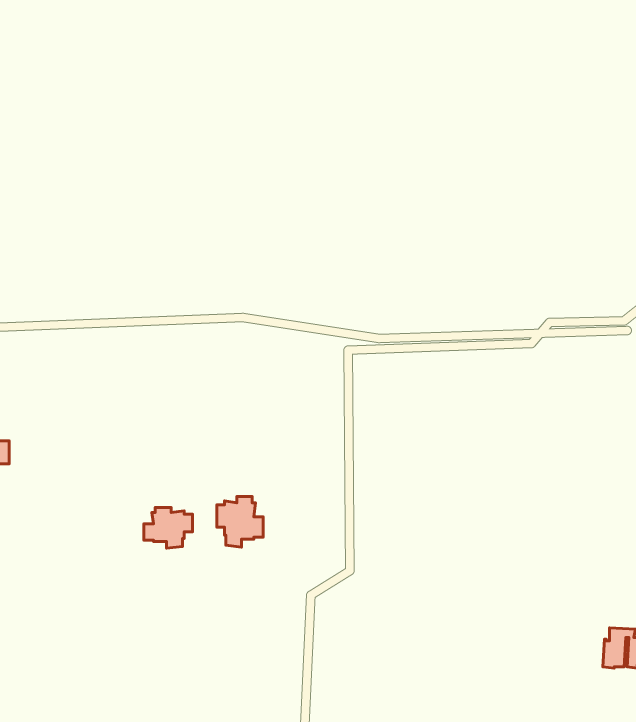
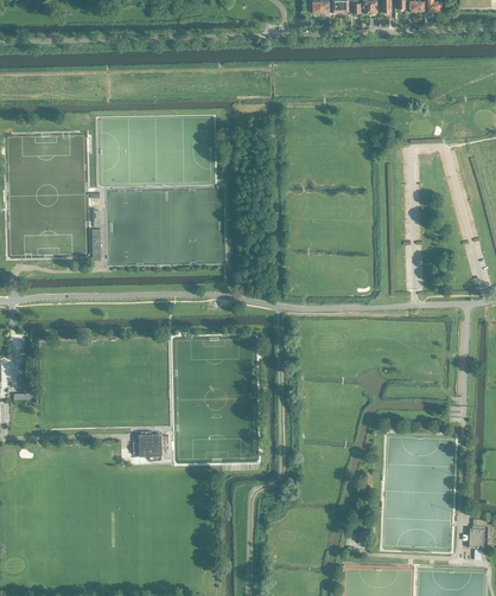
building: [217,497,263,547] -> none

